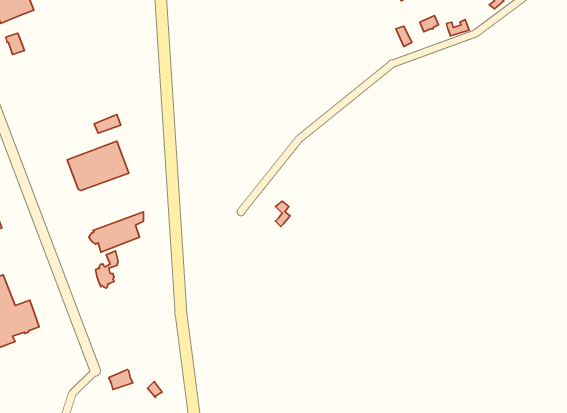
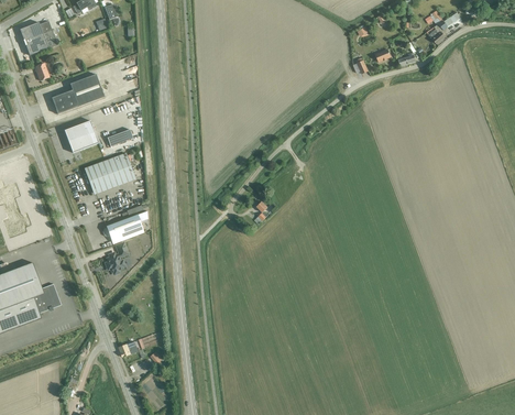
building: none -> [51,74,103,113]
building: none -> [63,120,98,152]

